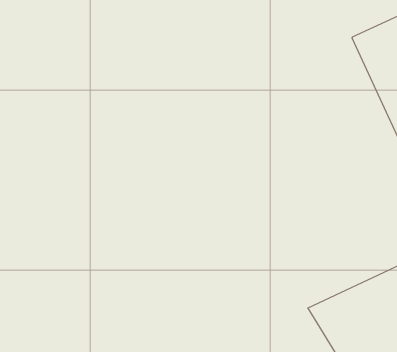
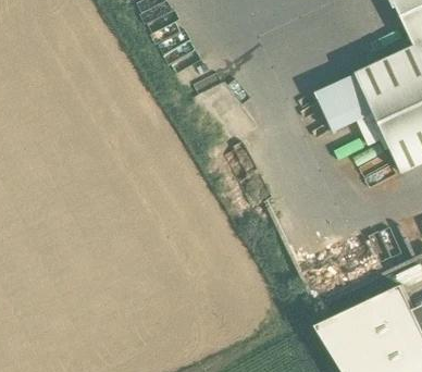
building: none -> [315,73,389,148]

